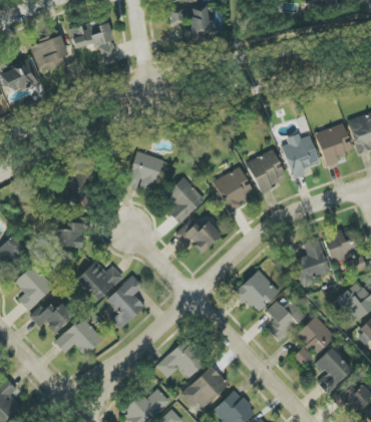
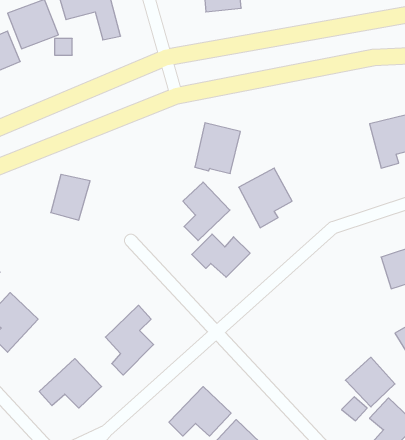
building: [281,135,319,178] -> none
building: [246,149,287,191] -> none
building: [126,151,162,191] -> [195,123,240,173]
building: [57,220,85,248] -> none
building: [293,239,329,288] -> none
building: [76,261,123,301] -> none
building: [233,270,279,312] -> none
building: [267,295,304,337] -> none
building: [30,303,72,331] -> none

